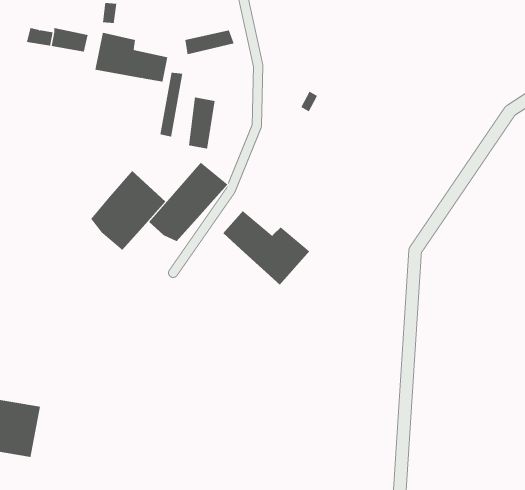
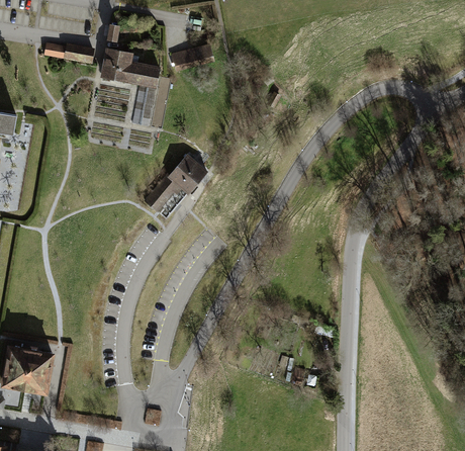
building: [188,97,215,149] -> [132,86,155,128]
building: [90,170,166,251] -> none
building: [223,210,310,286] -> none

